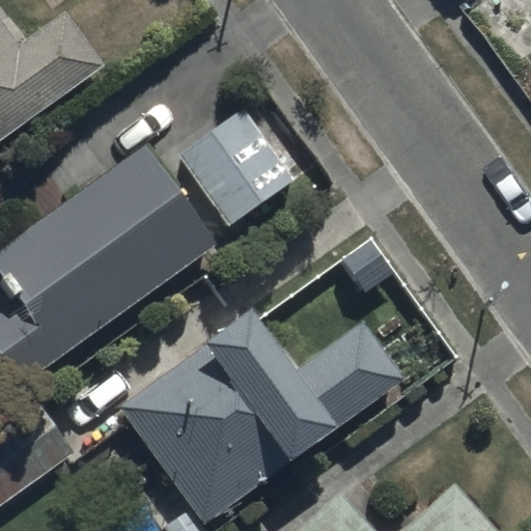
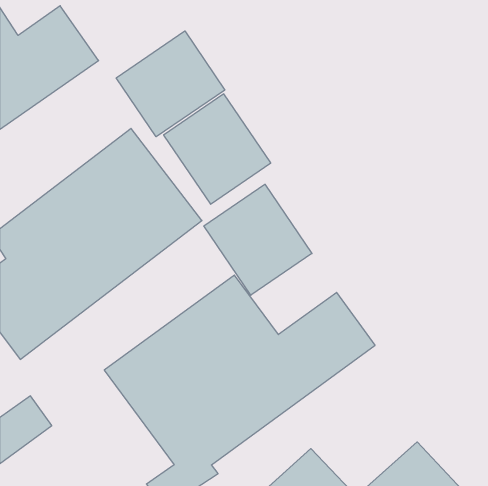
building: none -> [116,31,225,137]
building: none -> [204,184,312,295]

